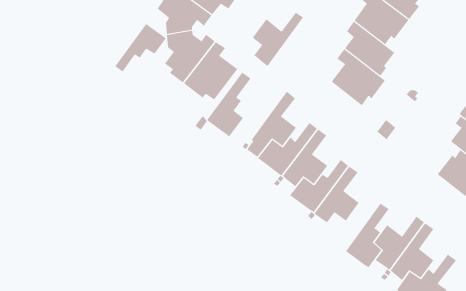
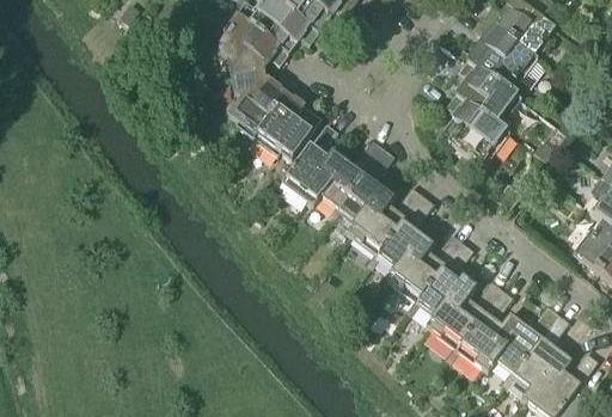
building: [247,12,304,67] -> [311,139,382,208]
building: [114,23,166,73] -> none
building: none -> [426,278,501,348]

